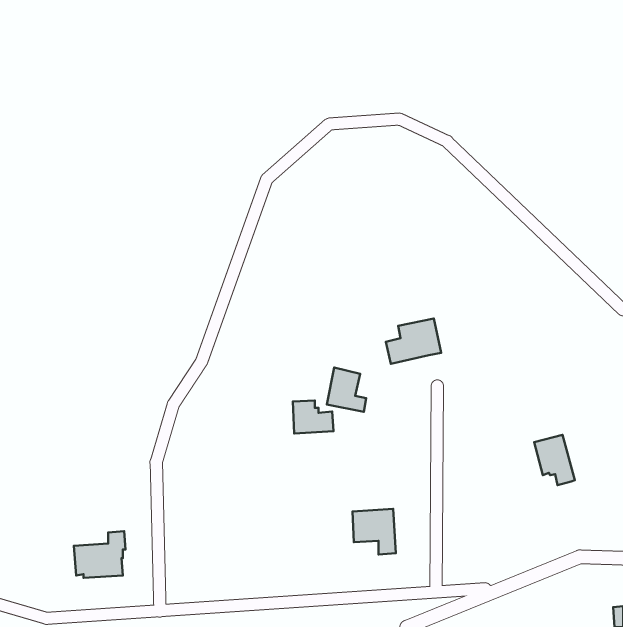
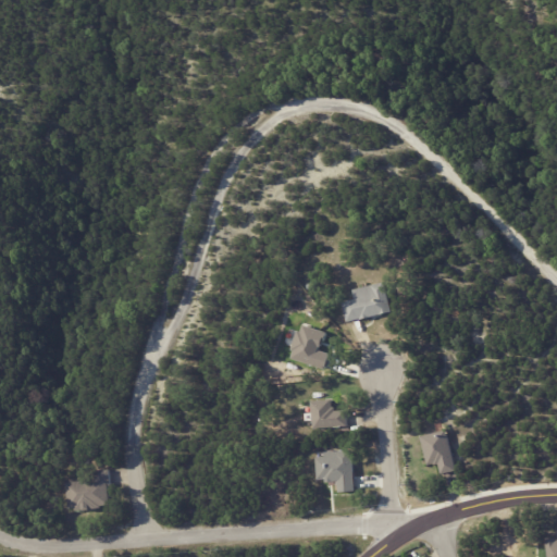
building: [293,400,333,434] -> [311,400,347,430]
building: [534,435,575,485] -> [420,430,456,474]

